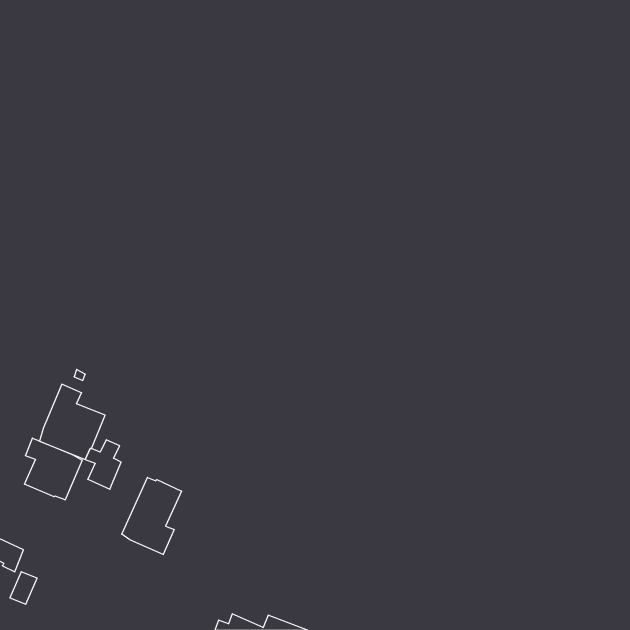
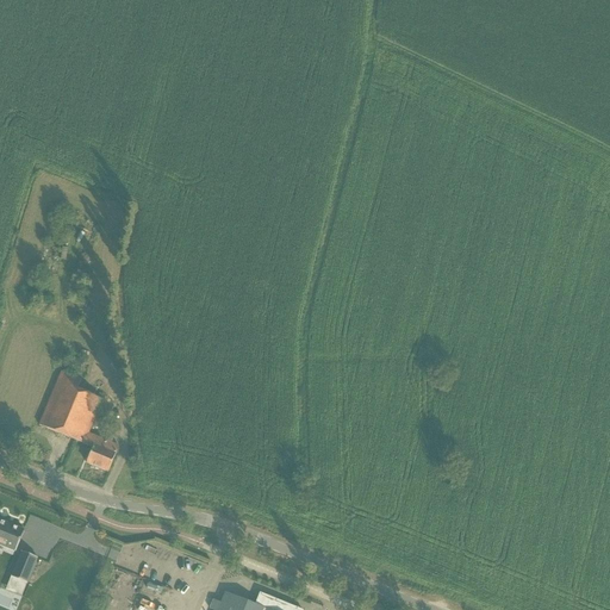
building: [25,438,82,500] -> none
building: [122,477,182,555] -> none

